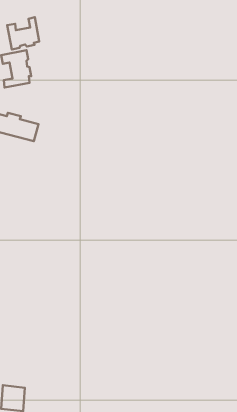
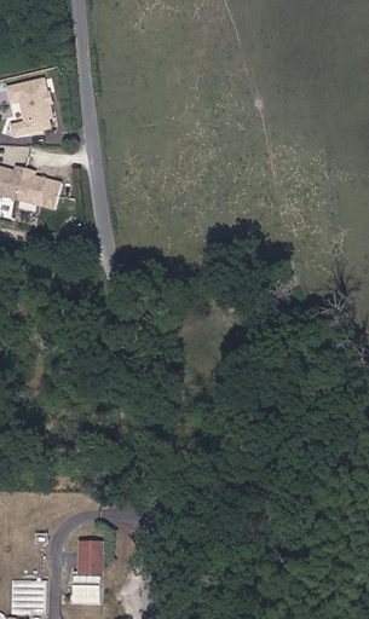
building: [7,17,39,49] -> none
building: none -> [71,537,102,601]

